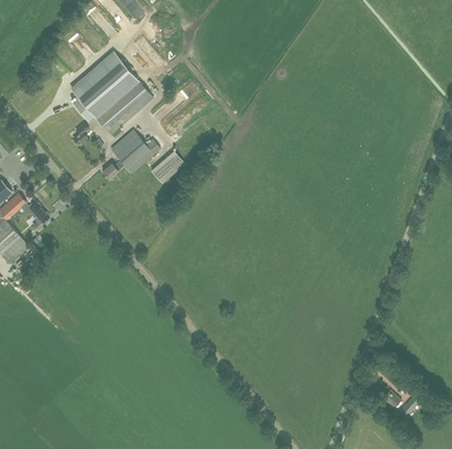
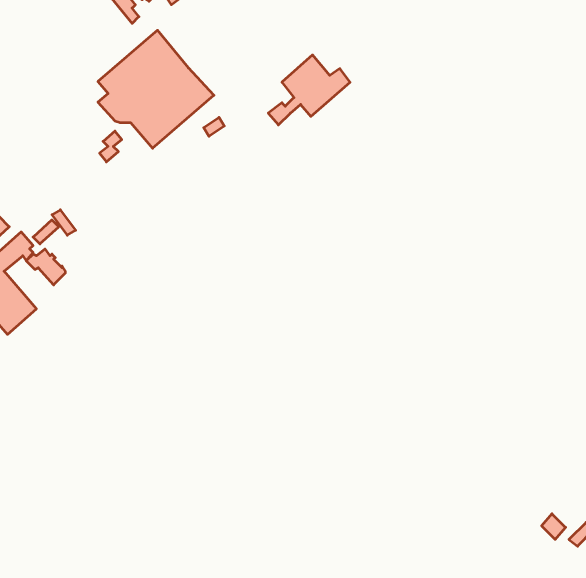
building: [102,128,159,177] -> [268,55,350,125]
building: [151,149,184,182] -> none

